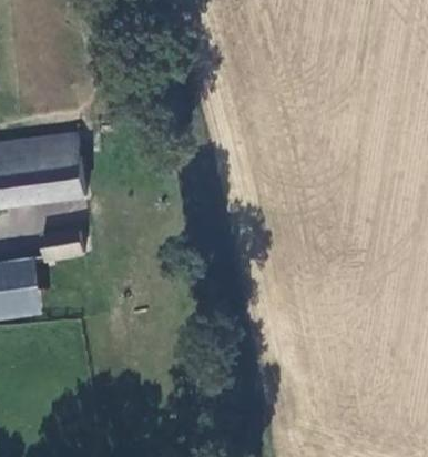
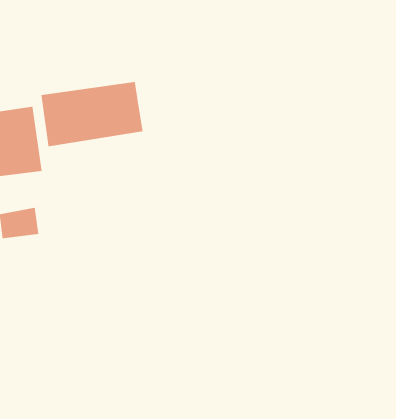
building: none -> [41,81,143,147]

